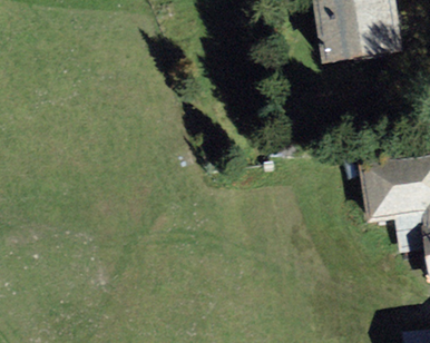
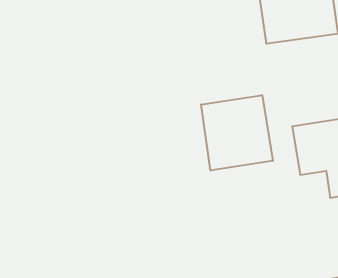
building: none -> [201,95,273,171]

